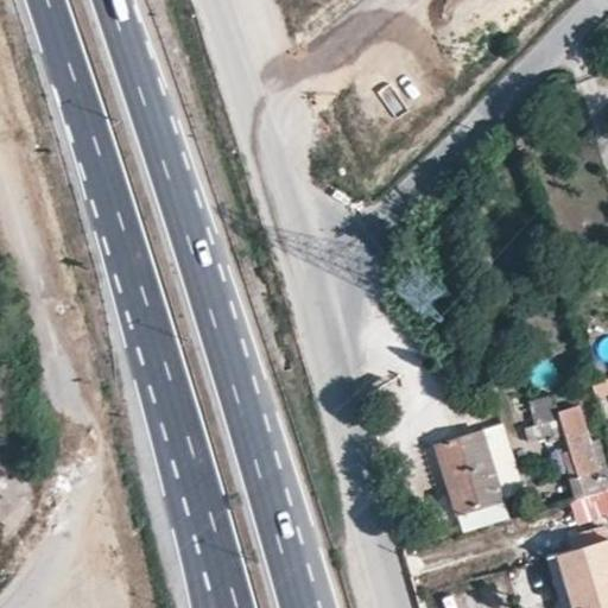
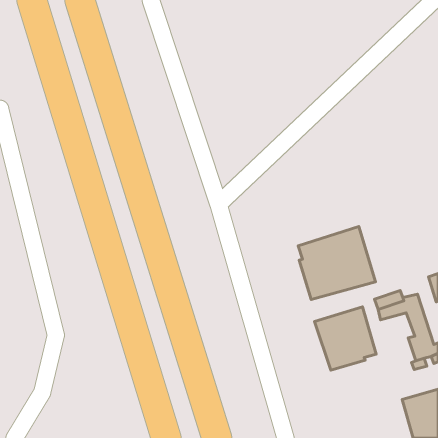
building: none -> [298,227,376,300]

